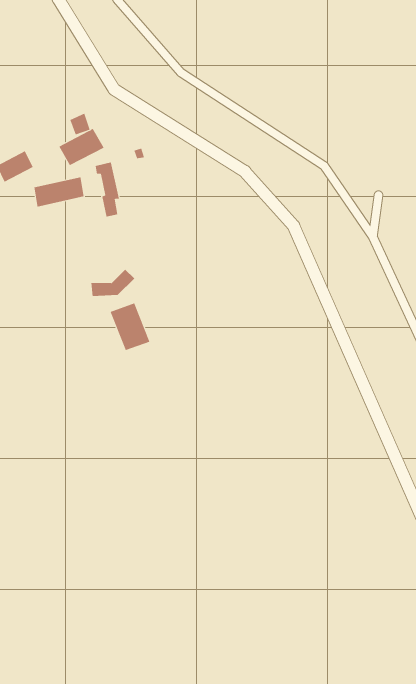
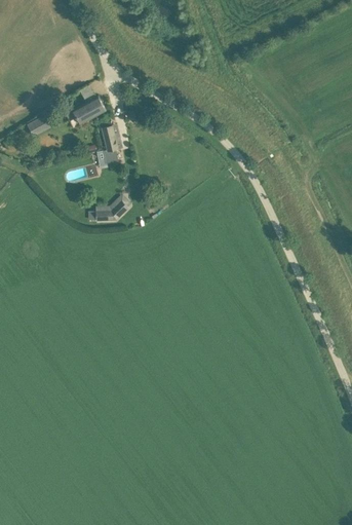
building: [34,176,84,207] -> none
building: [110,303,150,351] -> none

